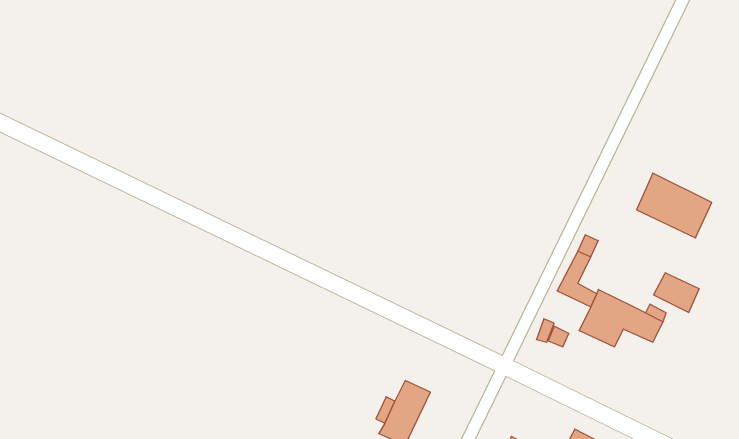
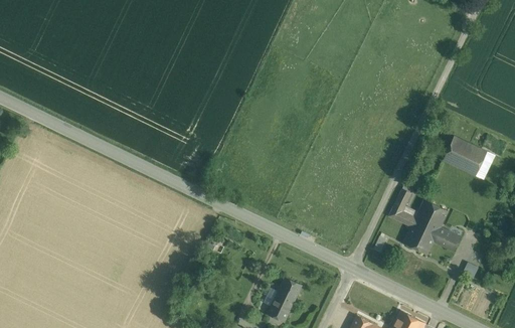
building: [654,273,699,312] -> [416,199,448,226]

